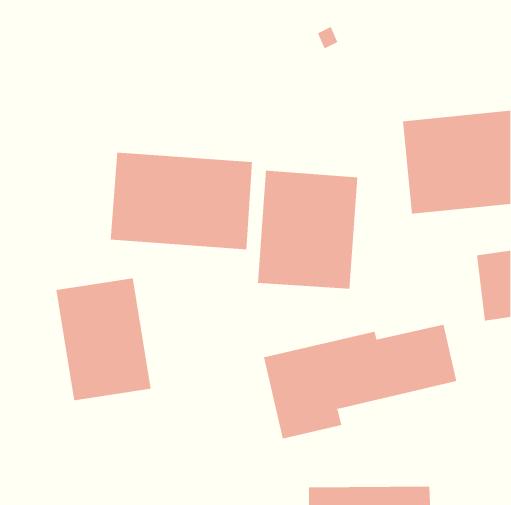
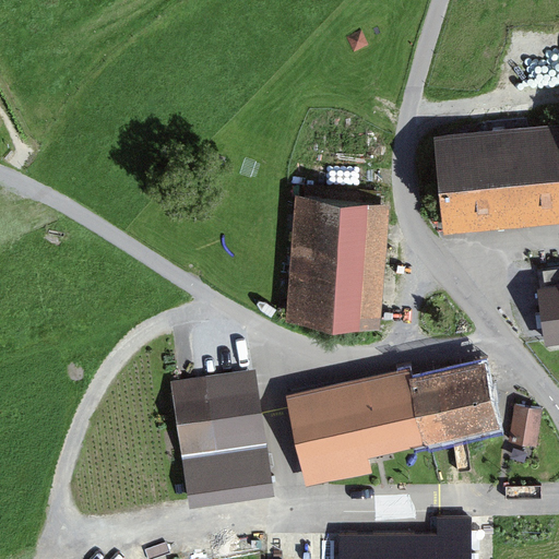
building: [110,152,253,250] -> none
building: [56,278,152,401] -> [170,372,275,507]
building: none -> [509,407,543,448]

